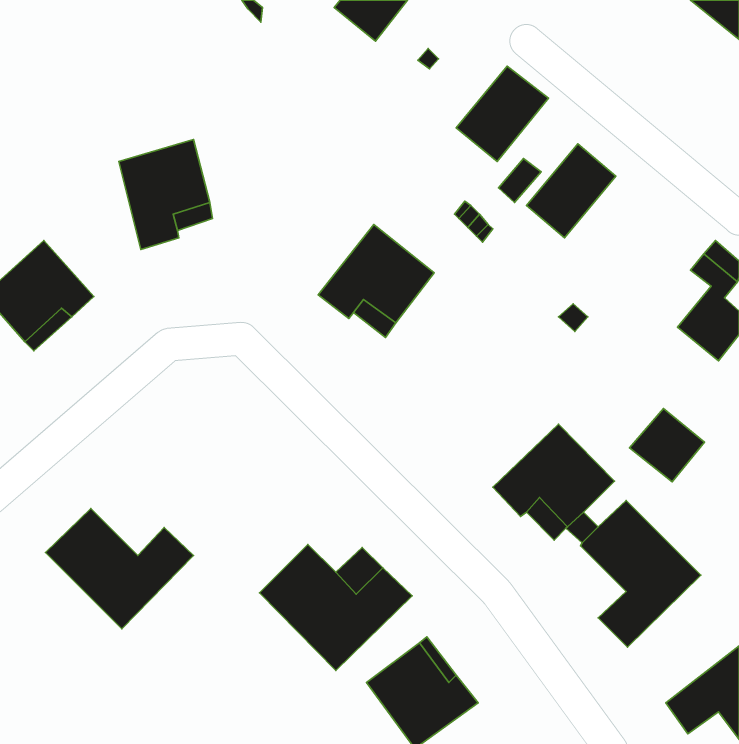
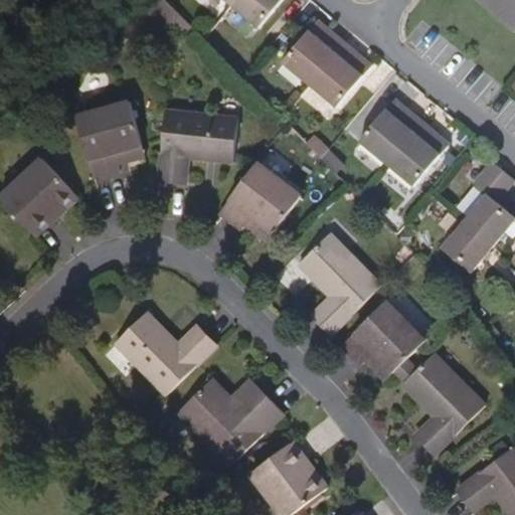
building: none -> [287,28,348,92]
building: none -> [160,110,238,181]
building: none -> [387,125,450,189]
building: none -> [296,229,377,329]
building: [630,408,704,482] -> [442,228,493,279]
building: [45,508,194,629] -> [115,311,216,393]

